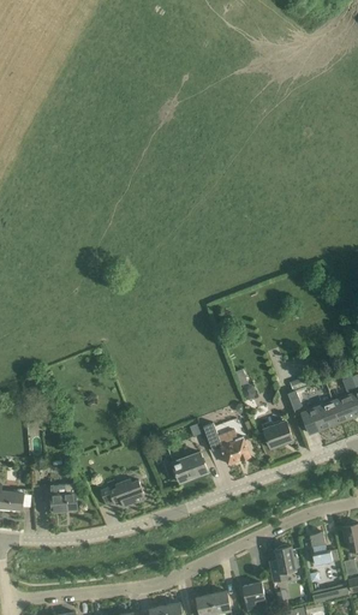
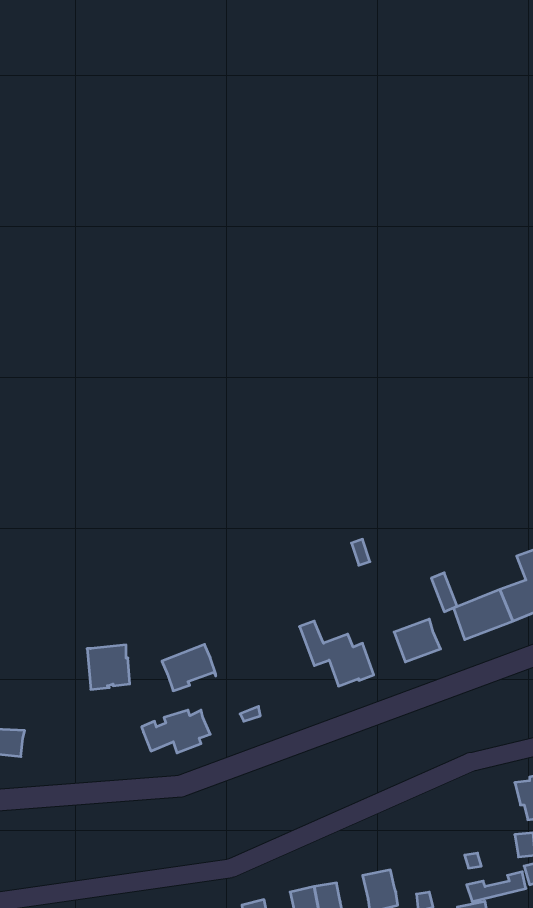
building: [172,452,207,482] -> [162,644,216,691]
building: [49,483,77,512] -> [87,645,130,689]
building: [309,532,338,565] -> none
building: [268,545,298,581] -> none

